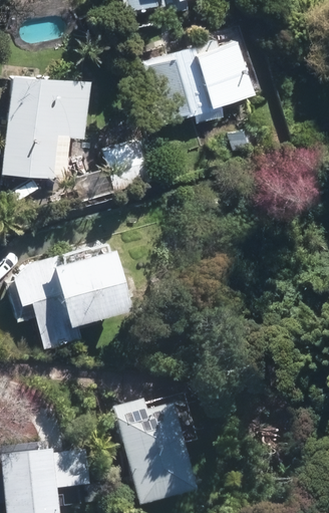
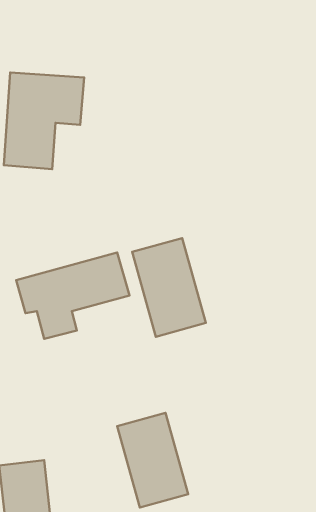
building: [158,23,270,113] -> none
building: none -> [132,238,206,337]

